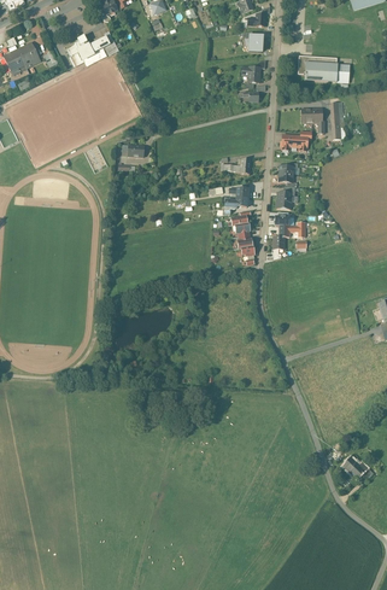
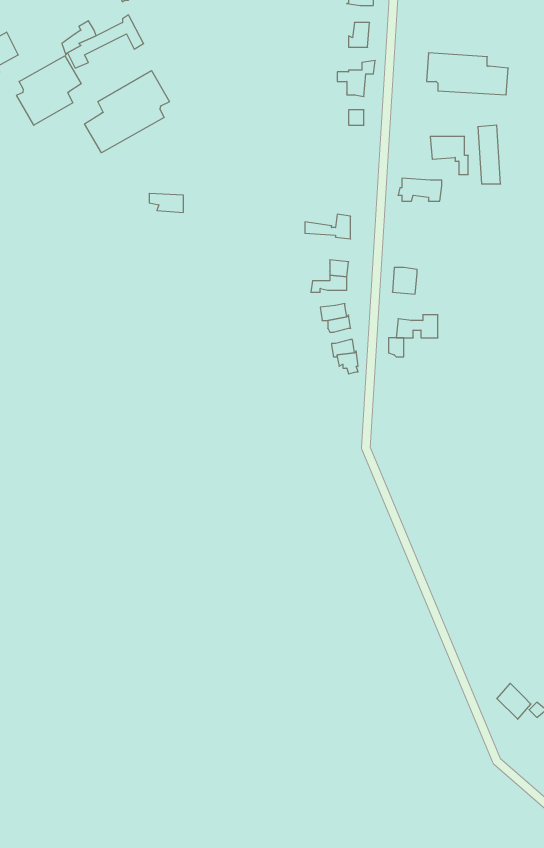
building: none -> [17,56,81,125]
building: none -> [85,71,169,153]

